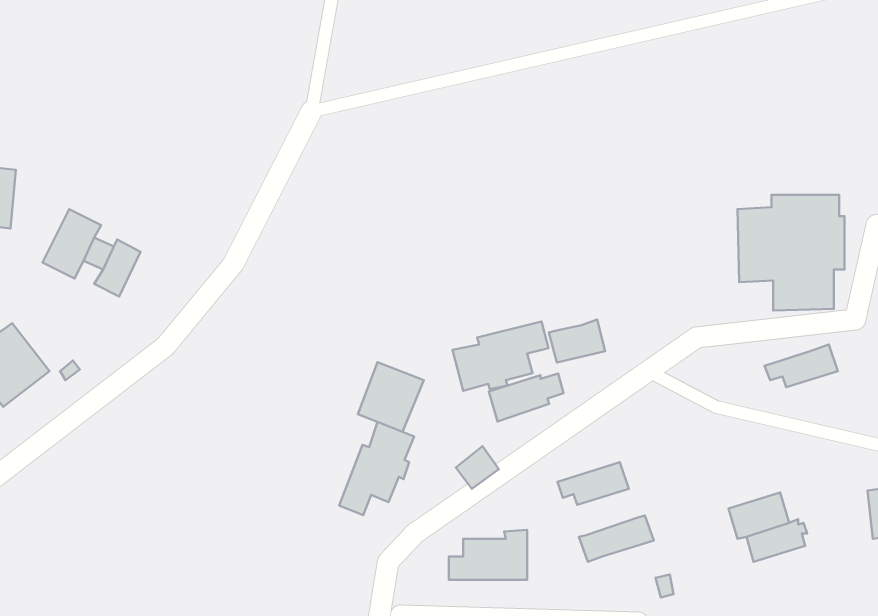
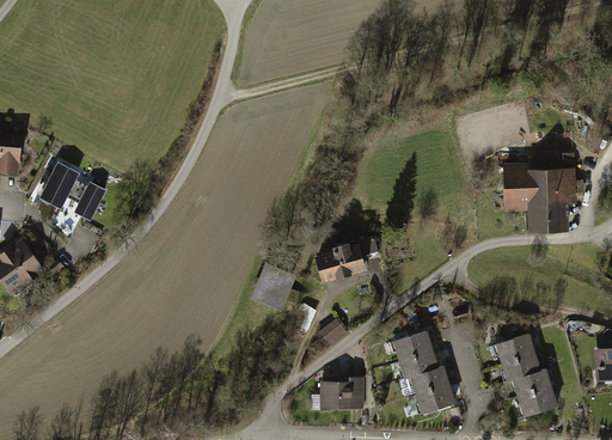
building: [549,319,605,362] -> none
building: [765,344,838,387] -> [485,334,534,362]
building: [489,374,564,422] -> [398,348,448,380]
building: [339,422,414,515] -> none
building: none -> [415,384,460,414]
building: none -> [510,387,557,418]

